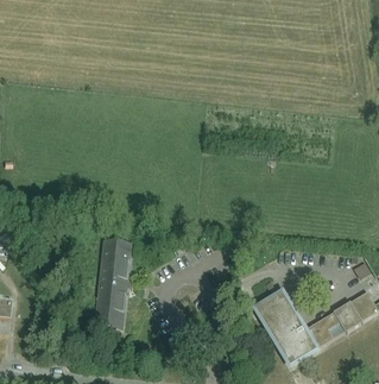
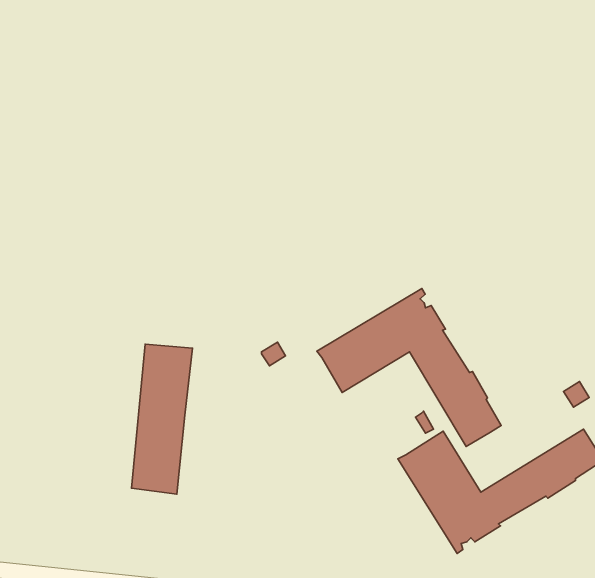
building: none -> [317,288,501,447]

